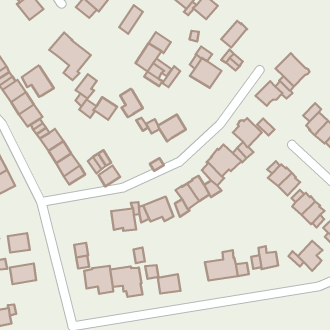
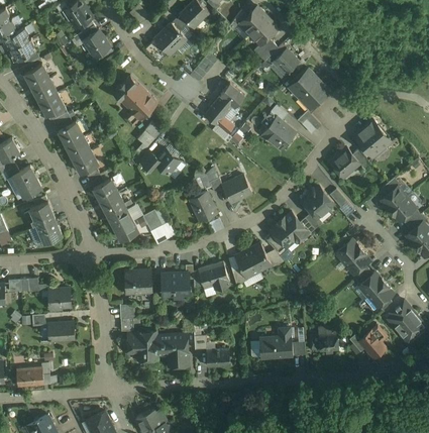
building: none -> [290,69,318,98]
building: [22,65,54,97] -> none
building: [120,89,143,117] -> [194,191,217,221]
building: none -> [125,269,151,293]

